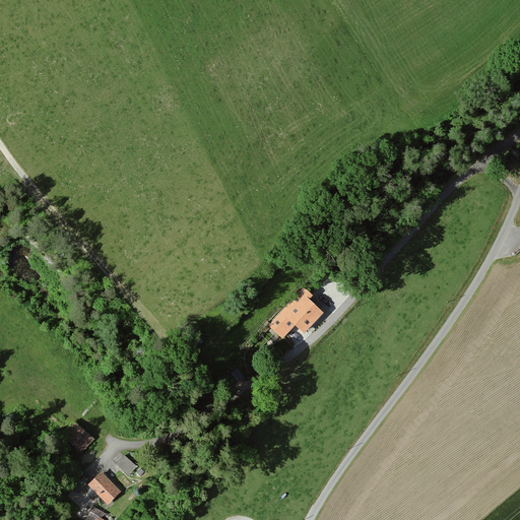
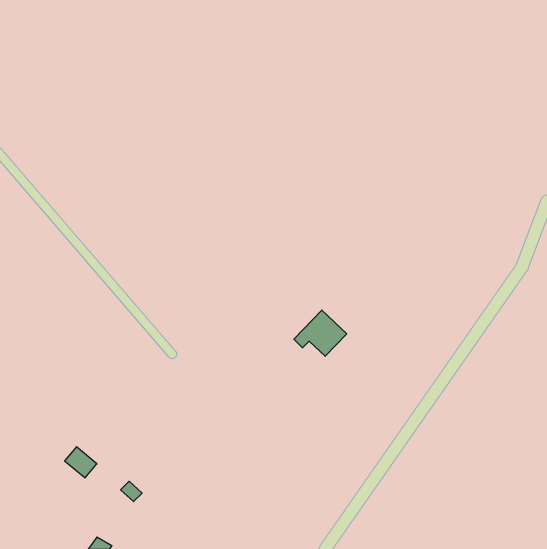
building: [87,472,117,502] -> none

